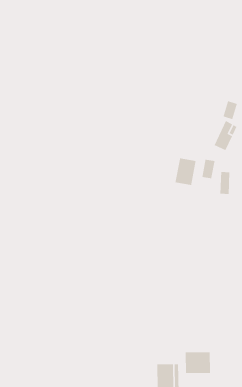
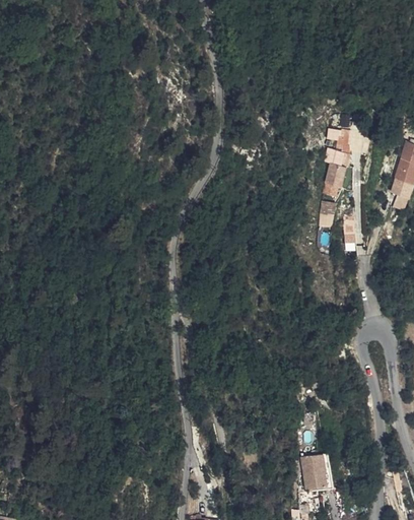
building: [175,157,197,186] -> none
building: [185,352,211,374] -> none

